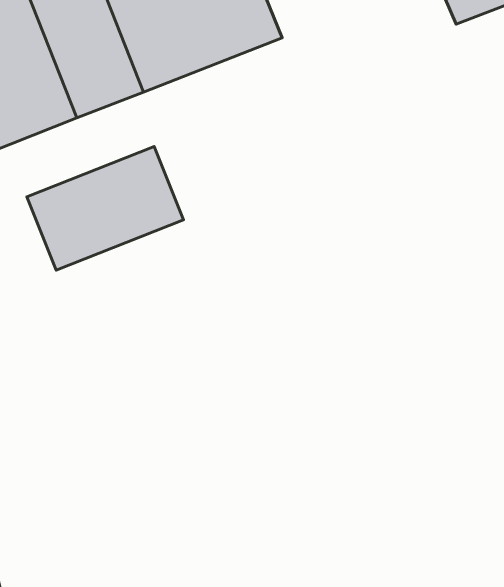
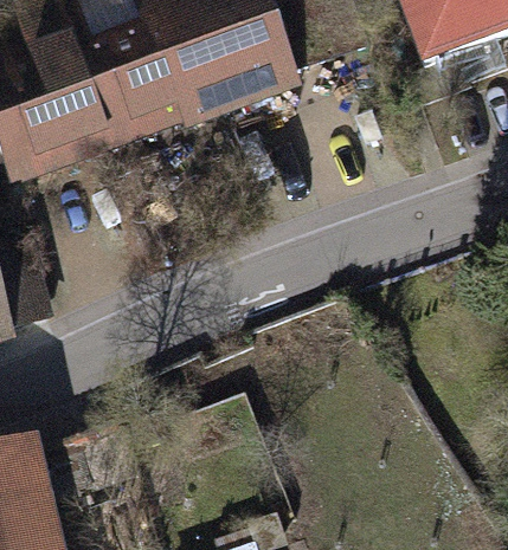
building: [27,147,184,270] -> none

